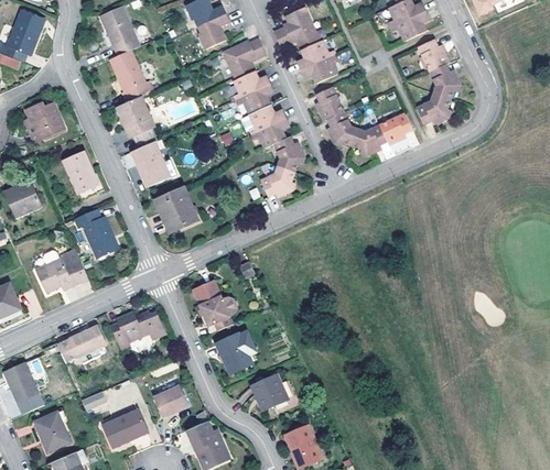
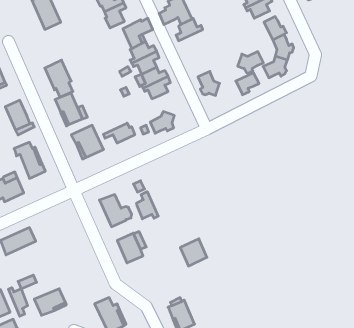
building: [110,50,155,102] -> none
building: [301,55,336,84] -> none
building: [316,88,344,121] -> none
building: [352,125,387,155] -> [238,52,263,73]
building: [276,138,304,173] -> none
building: none -> [103,123,135,143]
building: none -> [137,192,158,219]
building: [110,311,164,350] -> none
building: [251,374,288,412] -> [180,239,207,266]
building: [154,385,188,416] -> none
building: none -> [8,288,28,316]

